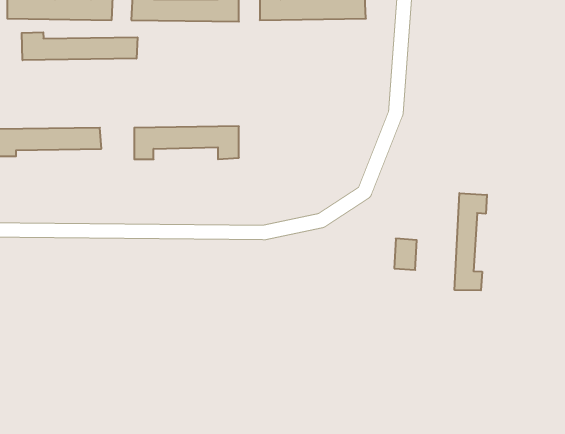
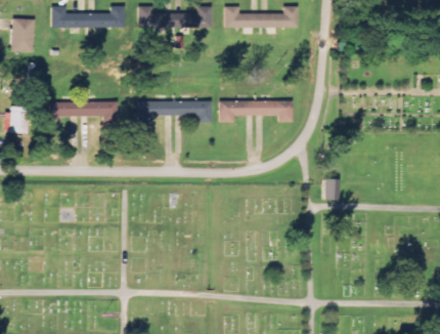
building: [22,32,137,60] -> none
building: none -> [220,100,293,123]
building: [455,193,487,290] -> none

